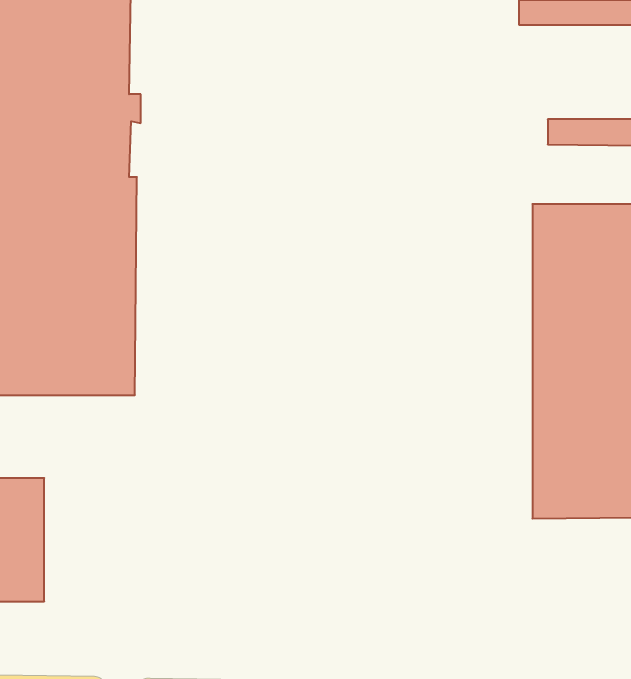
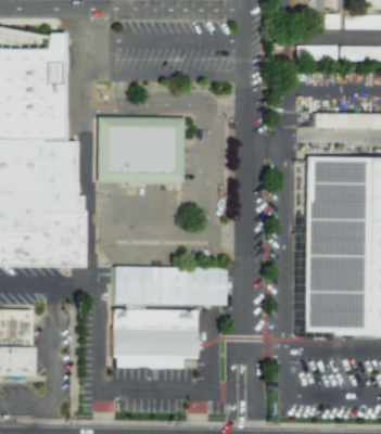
building: none -> [102,118,187,193]
building: none -> [114,267,238,371]

